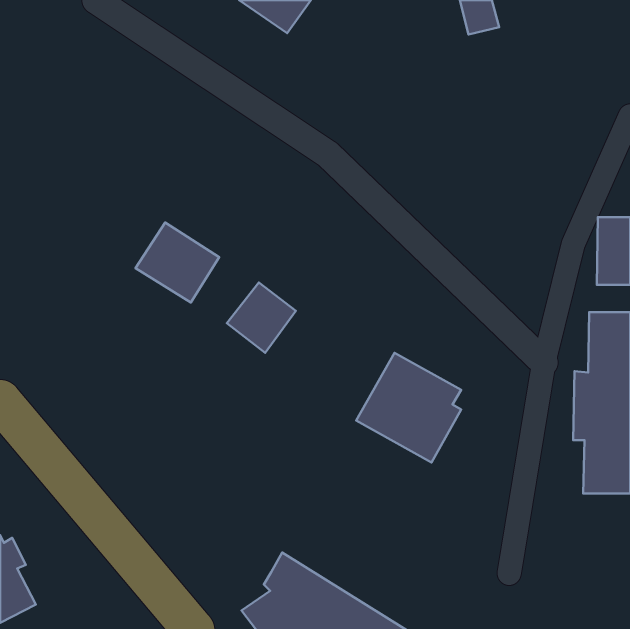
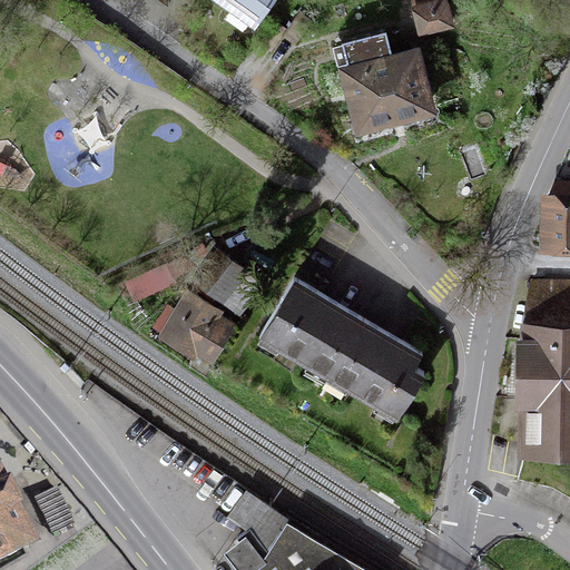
building: none -> [336,29,436,131]
building: [135,222,219,303] -> [157,296,233,368]
building: none -> [255,282,356,381]

